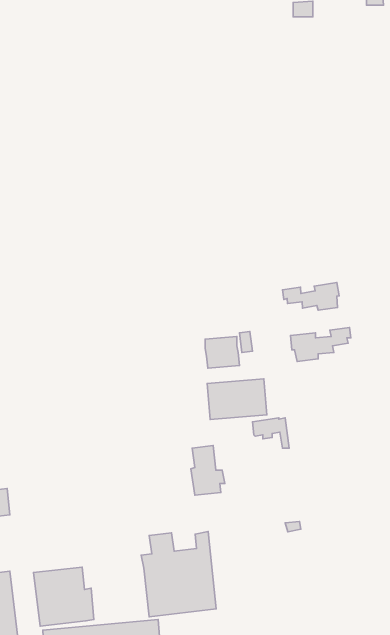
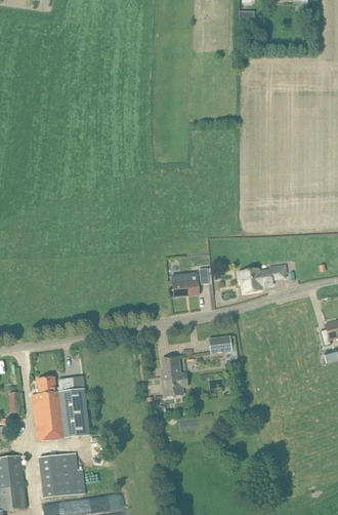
building: [282,282,339,310] -> none
building: [207,379,267,419] -> none
building: [141,532,216,617] -> [31,374,89,441]

